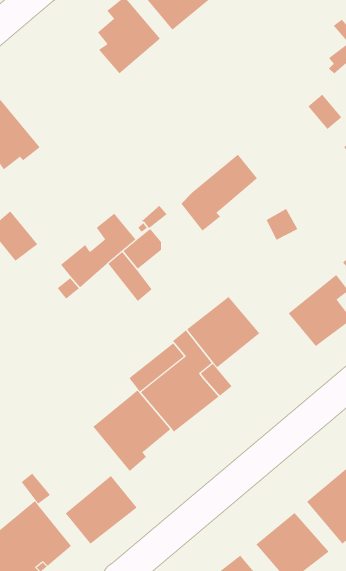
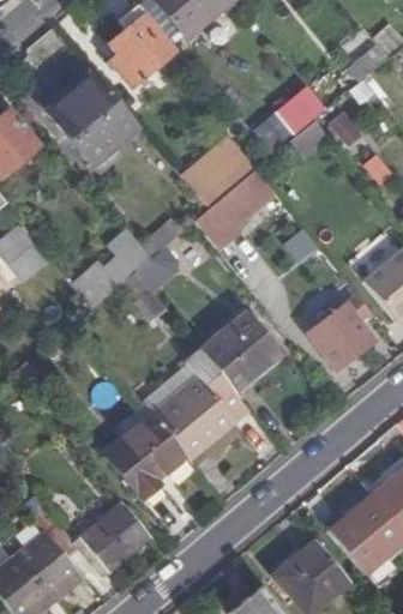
building: none -> [47,72,139,165]
building: none -> [249,82,326,151]
building: none -> [180,136,255,209]

